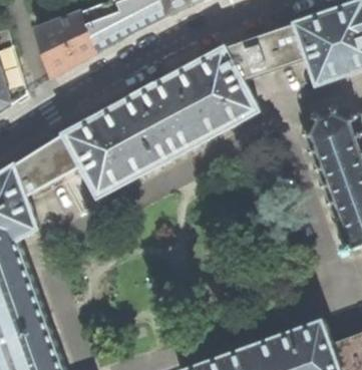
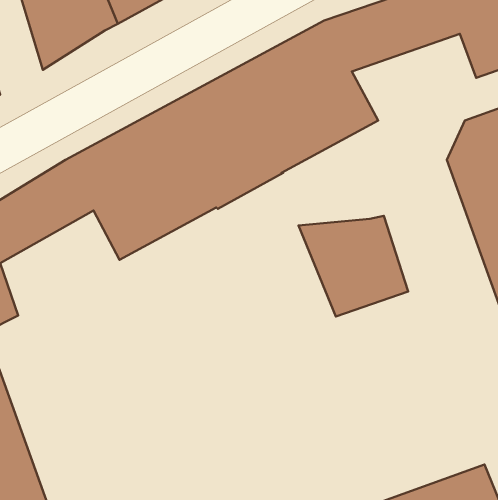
building: none -> [298,216,408,317]

